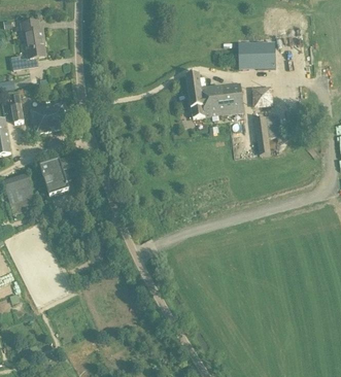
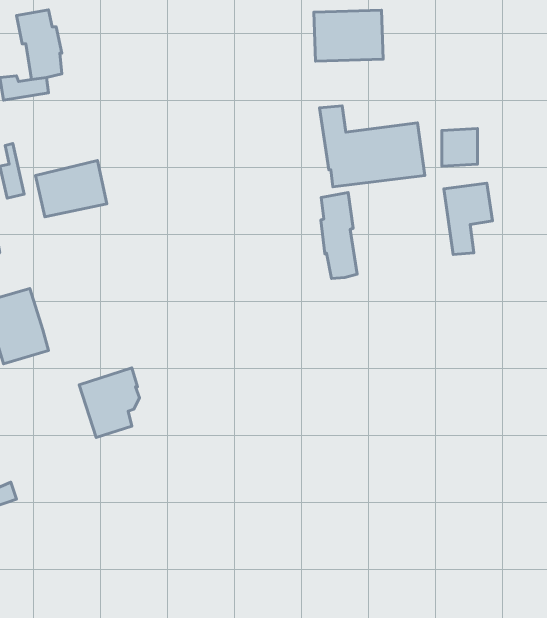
building: [237,42,275,70] -> [314,10,383,61]
building: none -> [321,193,357,278]
building: [39,157,72,195] -> [79,368,139,438]

